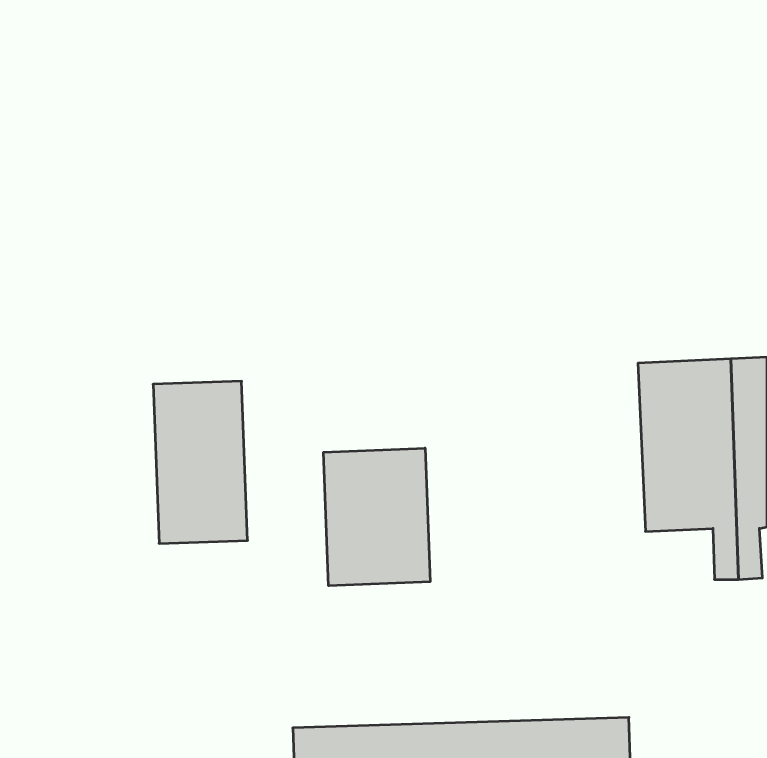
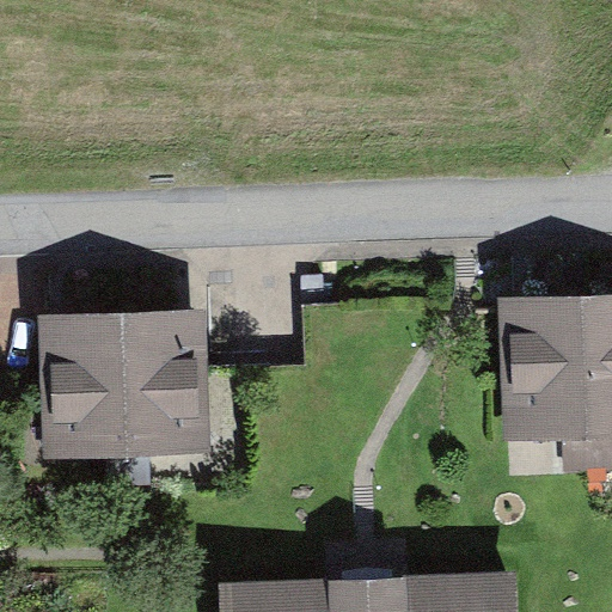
building: none -> [51,313,127,442]
building: [324,448,430,586] -> none

